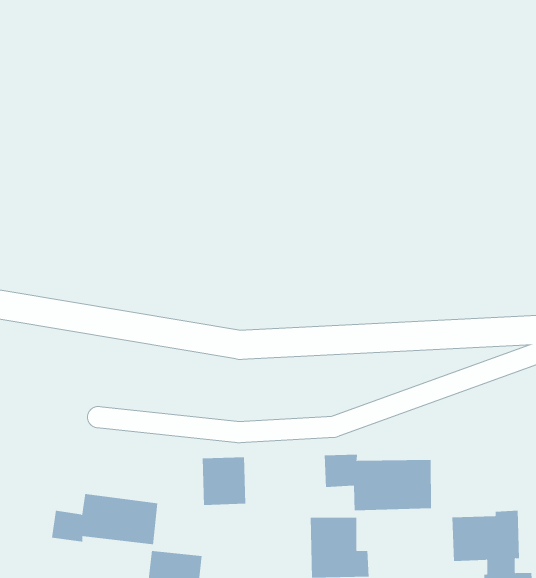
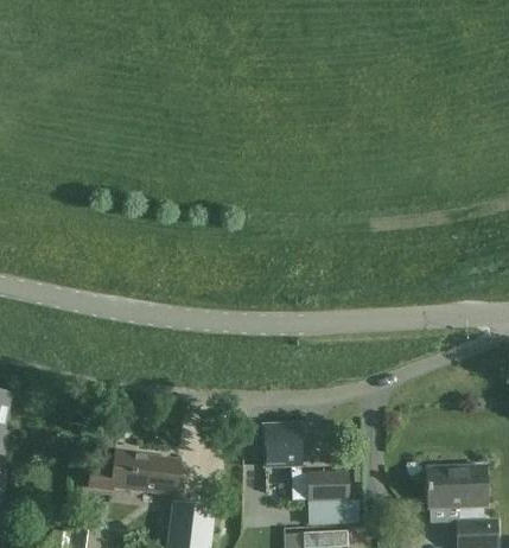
building: [324,454,431,511] -> none
building: [202,457,246,505] -> [263,423,301,465]

